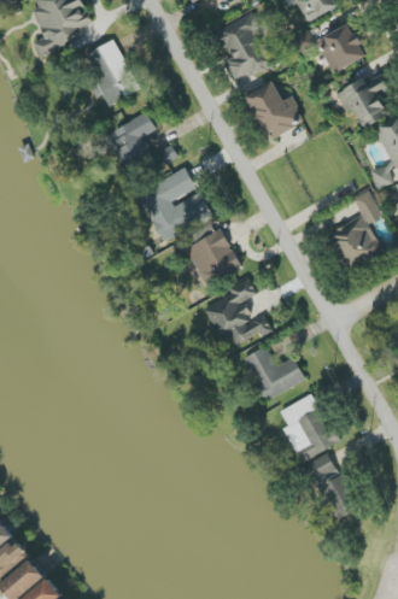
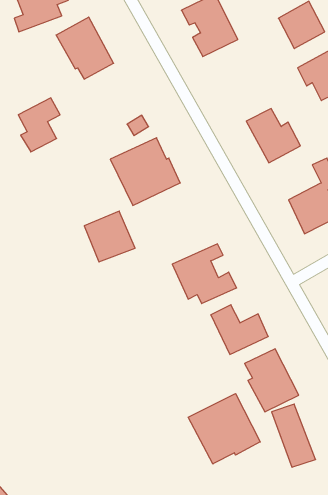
building: [246,82,304,140] -> [246,109,300,163]
building: [111,112,156,170] -> [18,98,60,152]
building: [186,230,240,284] -> [84,211,135,262]
building: none -> [188,394,260,464]

